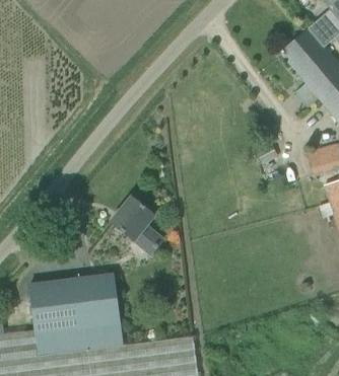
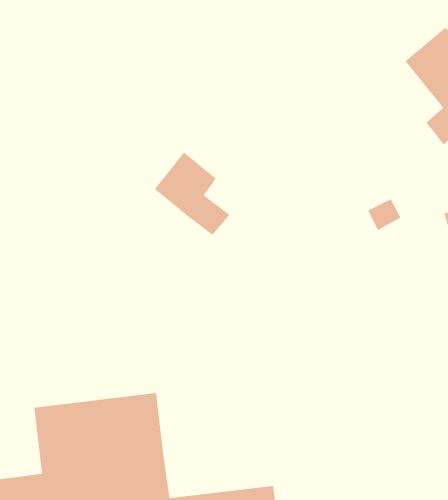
building: [112,197,163,253] -> [154,152,230,236]

